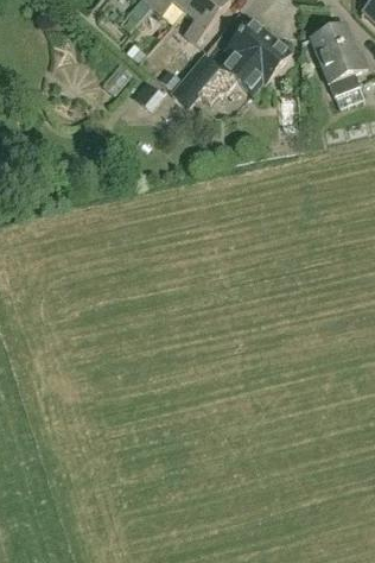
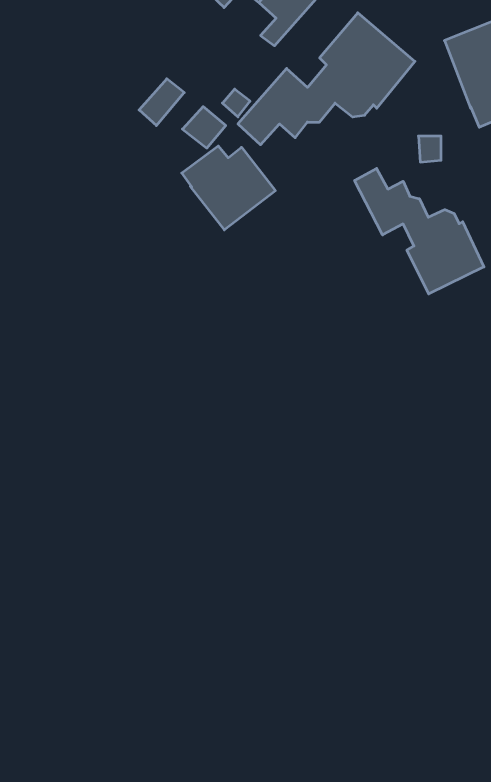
building: none -> [182,146,275,230]
building: none -> [355,168,484,294]

